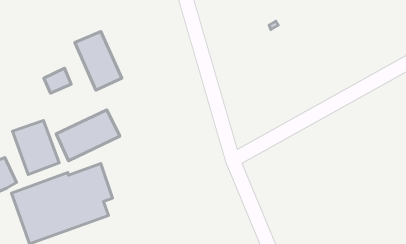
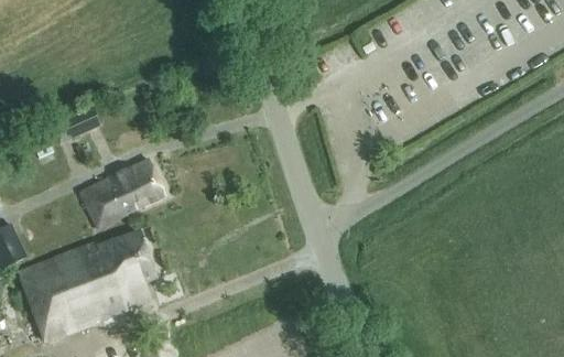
building: [75,31,122,90] -> none
building: [13,120,59,175] -> none

